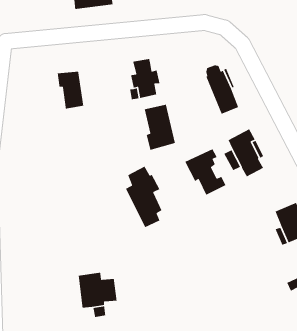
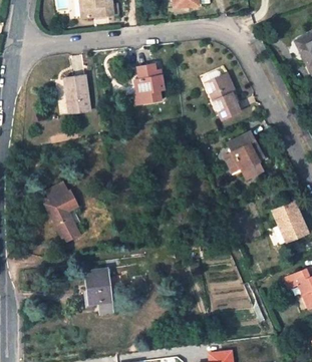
building: [144,104,176,151] -> none
building: [184,148,227,196] -> none
building: [125,165,163,228] -> [46,182,82,242]

